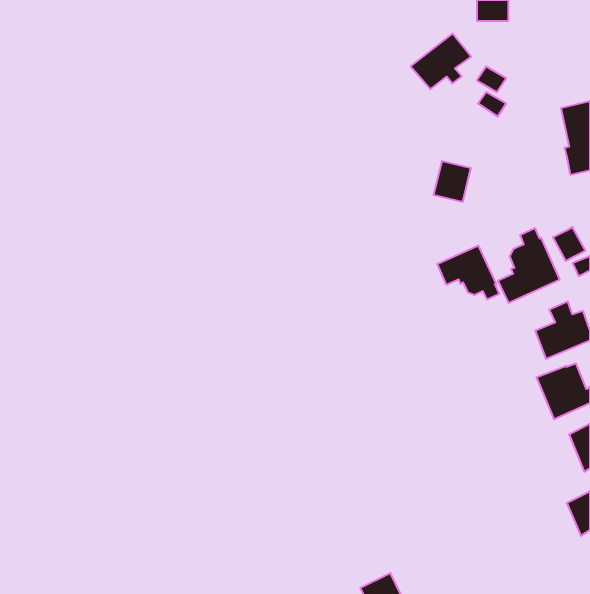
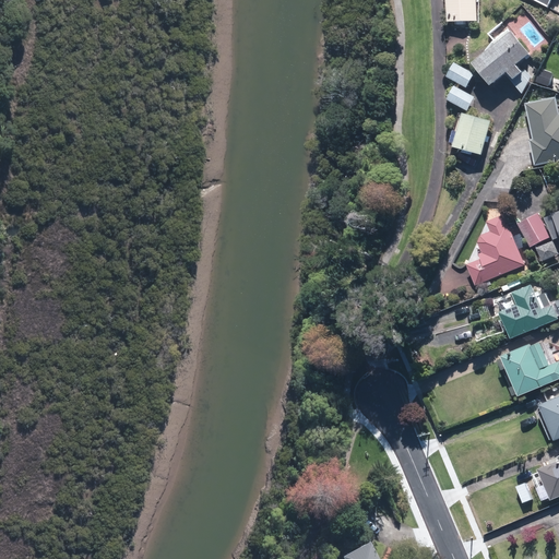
building: [411,33,471,89] -> [476,31,533,83]
building: [434,161,471,202] -> [455,115,490,153]
building: [437,245,499,299] -> none

